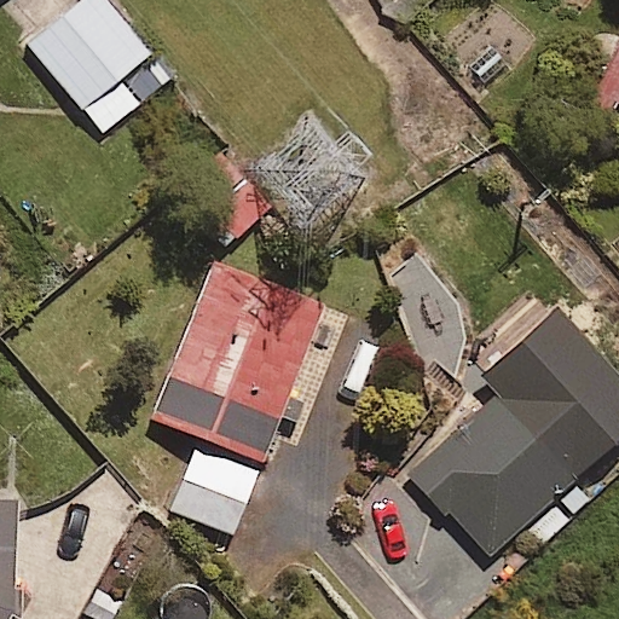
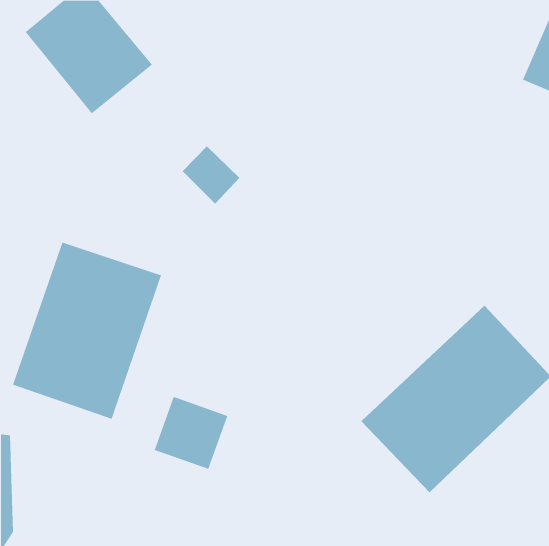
building: [156,258,324,457] -> [12,242,162,419]

